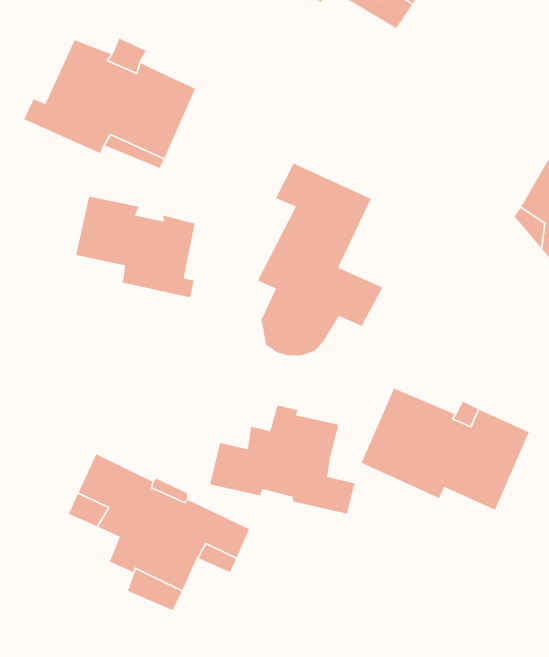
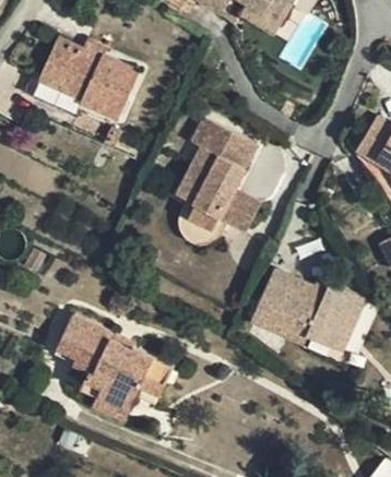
building: [75,196,196,298] -> none
building: [209,405,355,515] -> none

